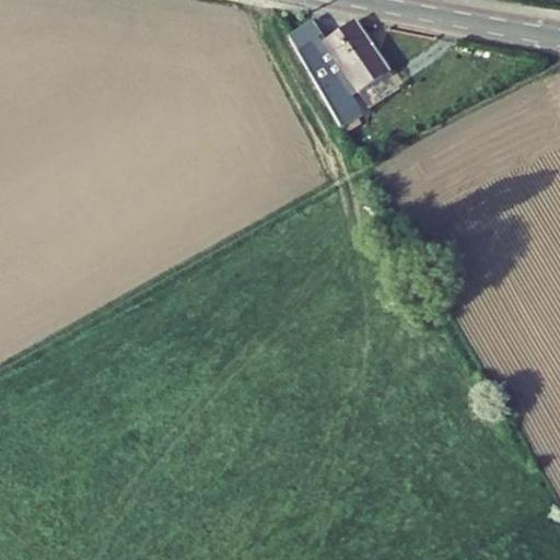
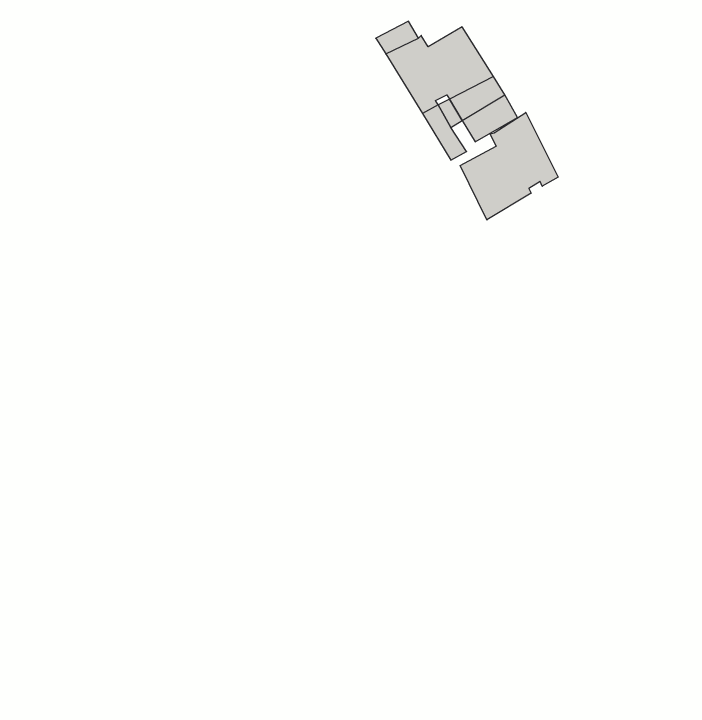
building: none -> [460,112,558,220]

